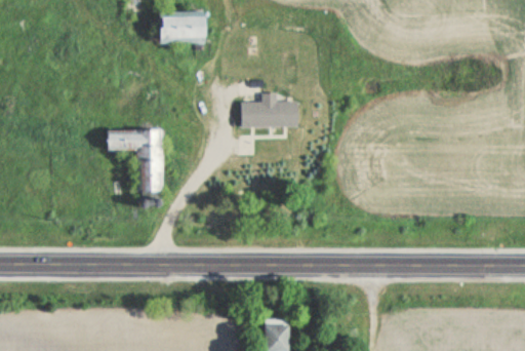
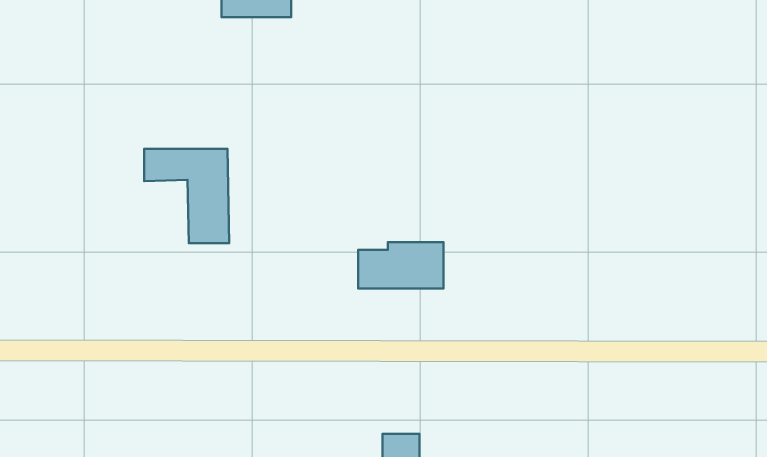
building: [242,98,298,128] -> [358,242,443,288]

